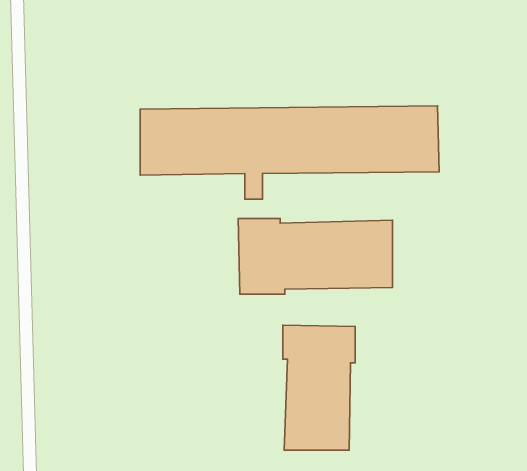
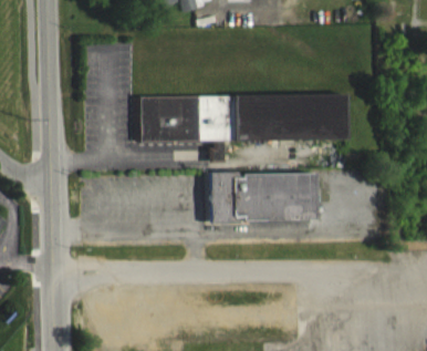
building: [283,325,355,450] -> none

